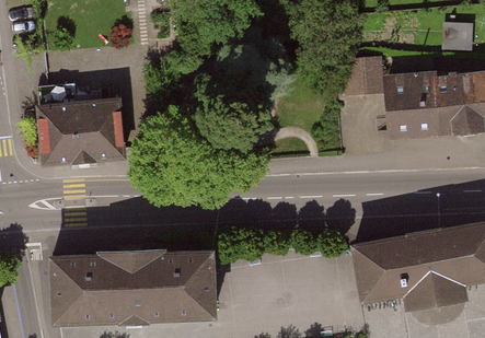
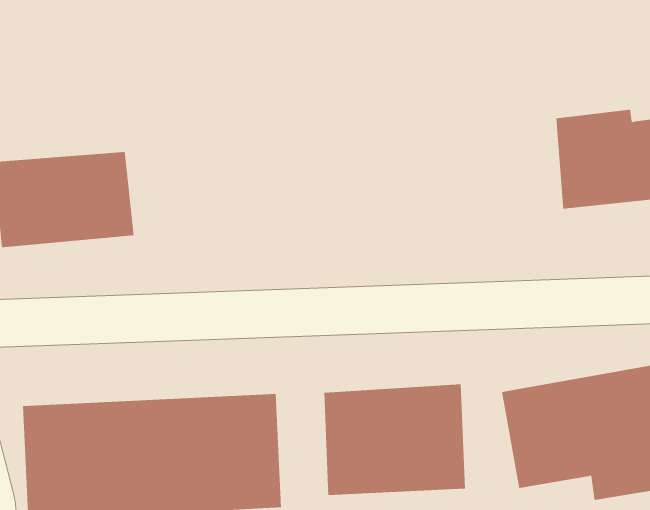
building: [337,58,381,94] -> none
building: none -> [324,383,466,496]

